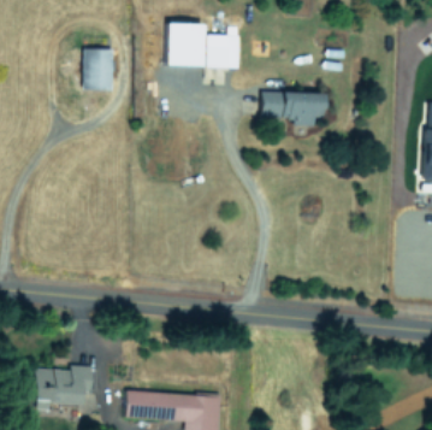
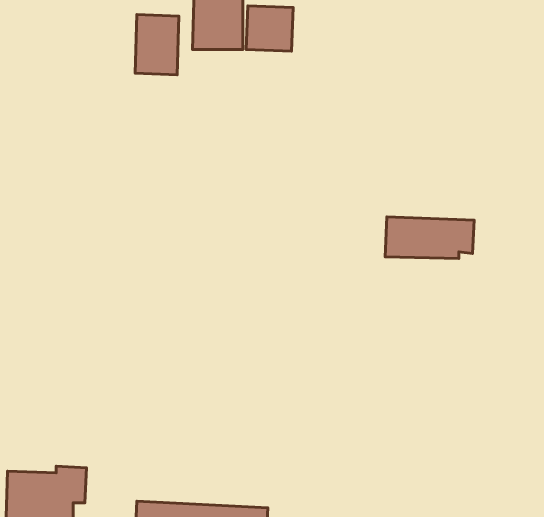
building: [82,48,113,92] -> [135,14,179,75]
building: [261,92,325,122] -> [385,217,474,259]

